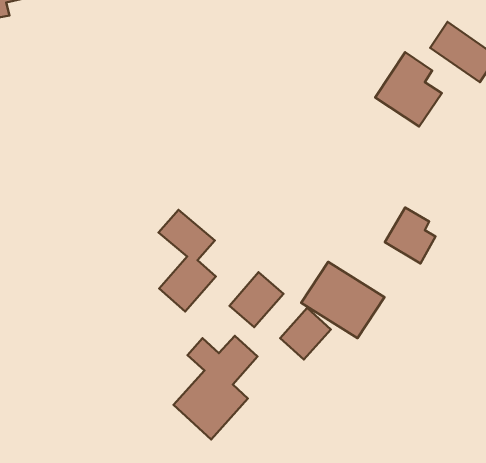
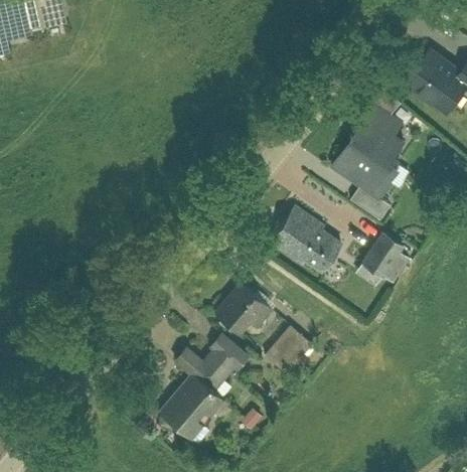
building: none -> [324,126,403,218]
building: [159,210,216,312] -> none
building: [301,262,384,338] -> [270,203,347,275]

